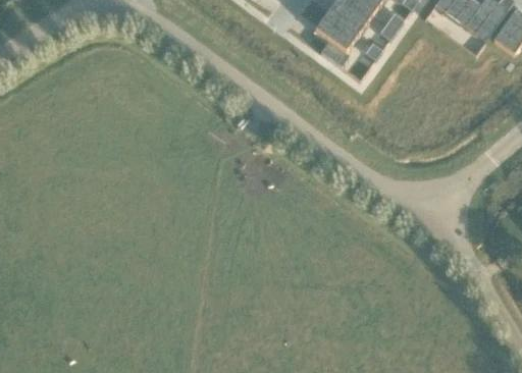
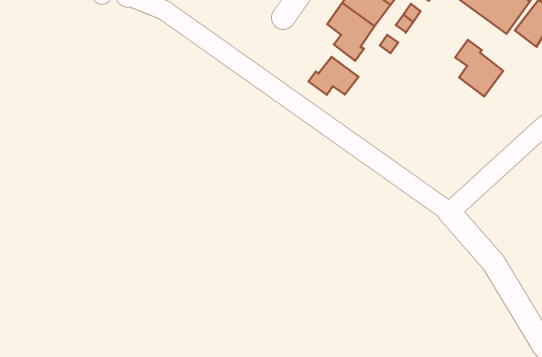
building: none -> [455,40,503,97]
building: none -> [309,57,359,95]

